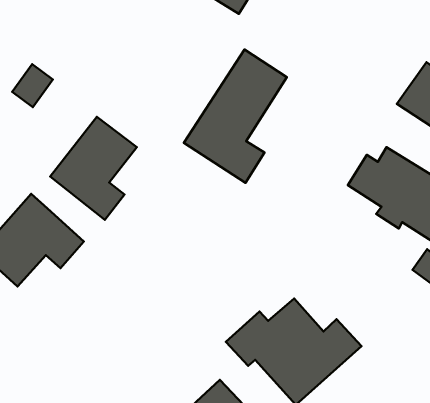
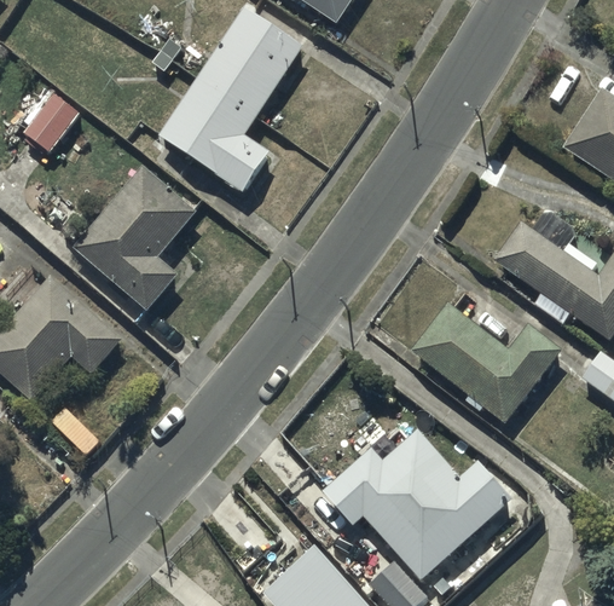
building: [184,50,287,183] -> [158,8,302,195]
building: none -> [410,306,560,426]

